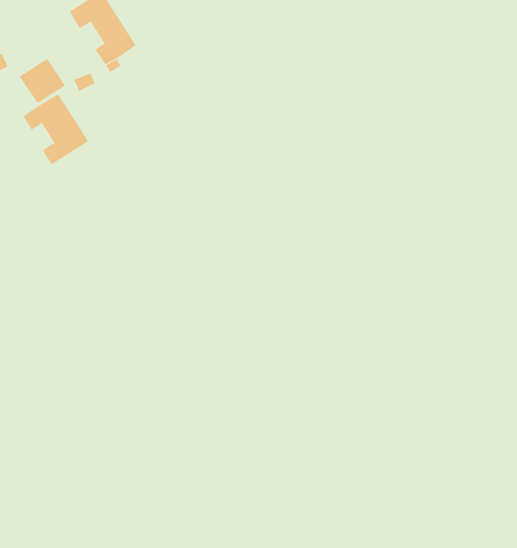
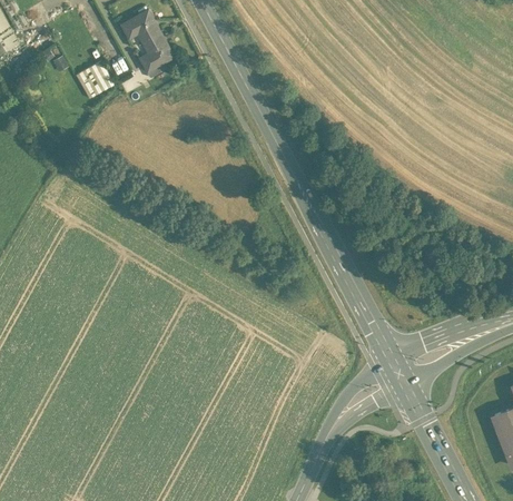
building: [23,94,89,165] -> none

